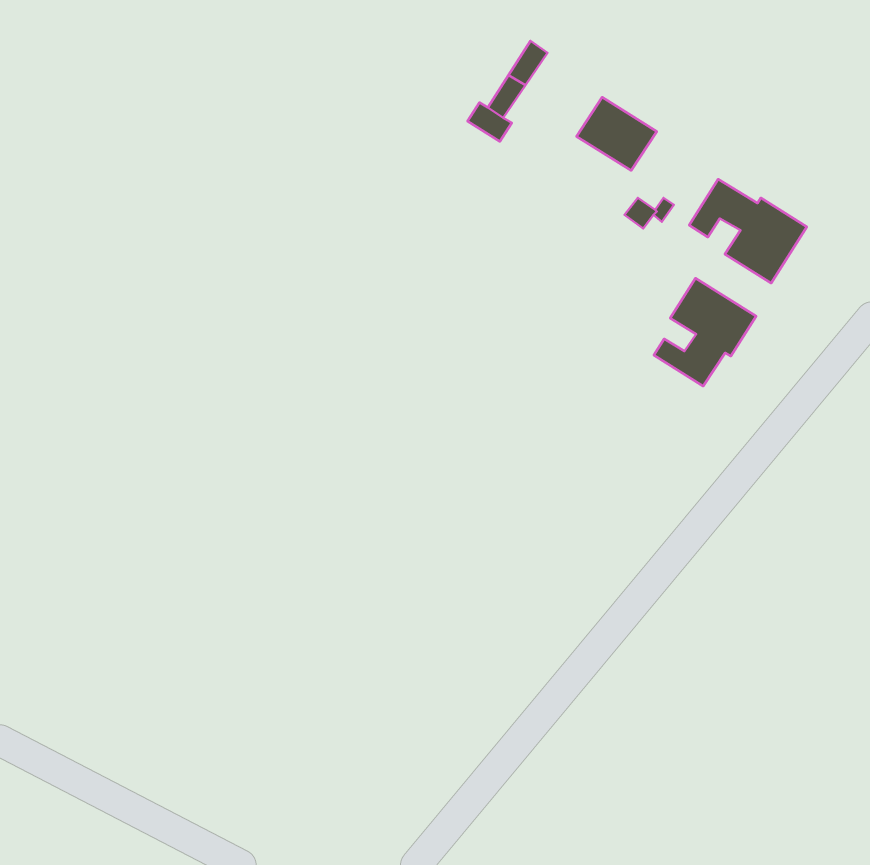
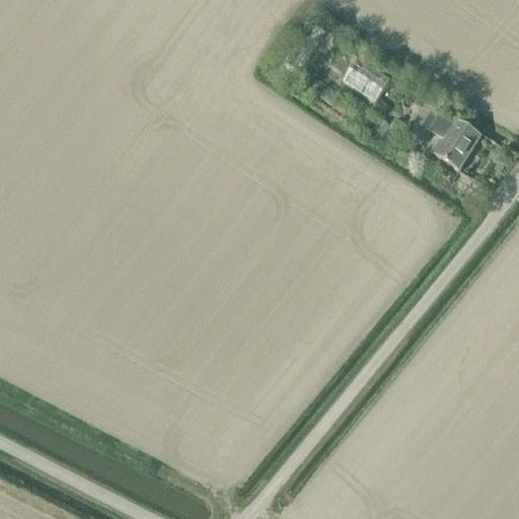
building: [654,278,756,386] -> none

